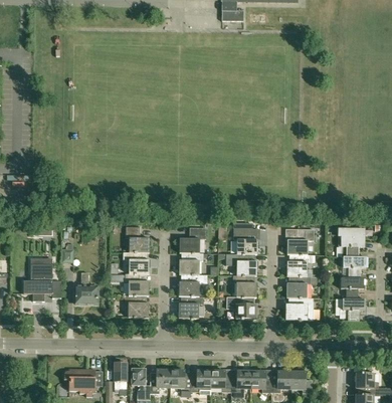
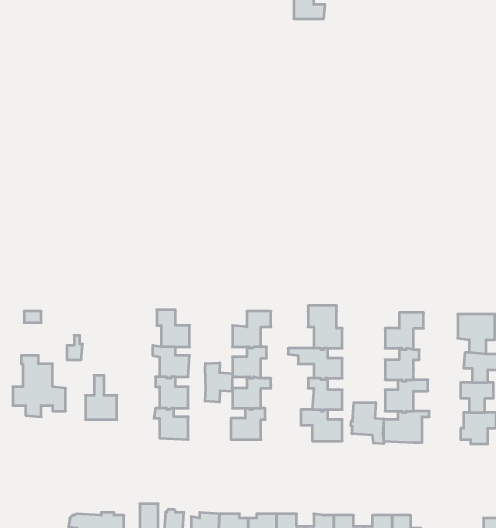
building: none -> [205,363,232,402]
building: none -> [351,402,384,444]

